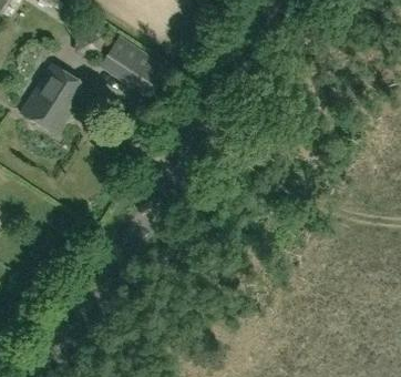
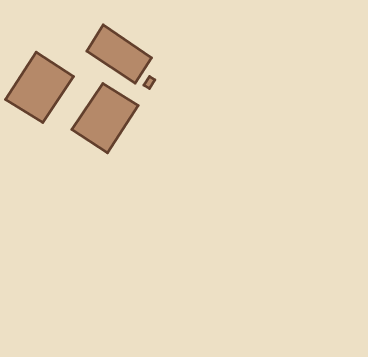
building: none -> [72,83,138,153]

